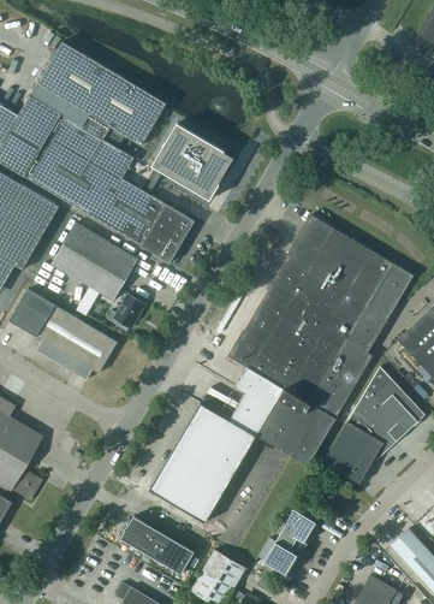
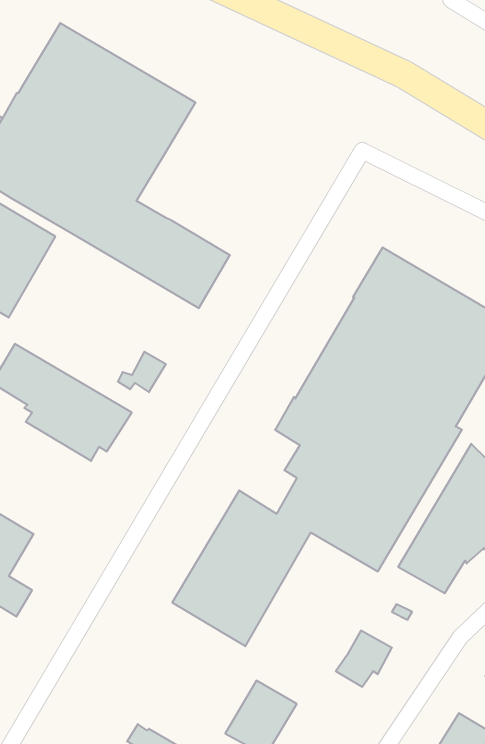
building: [147,124,234,200] -> none
building: [52,223,138,301] -> none
building: [120,516,195,575] -> none
building: [264,543,298,574] -> none

